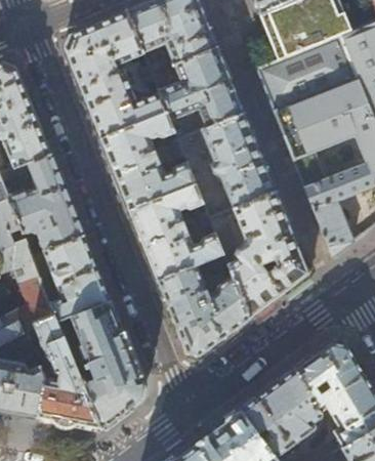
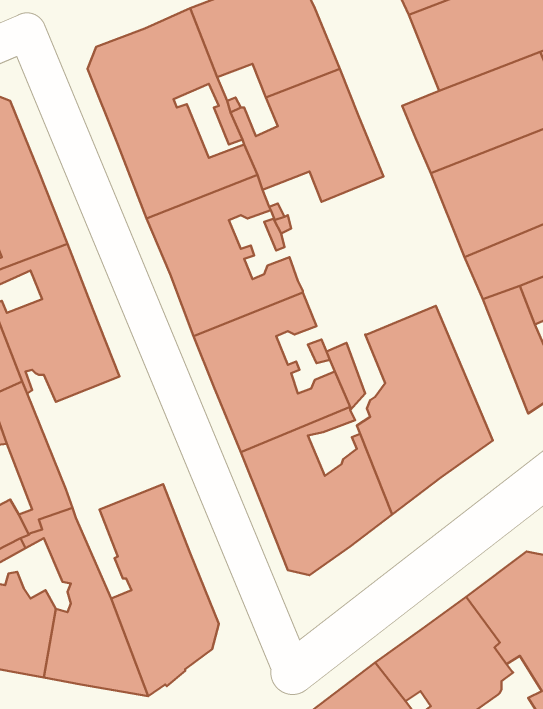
building: [198,113,277,209] -> none
building: [44,235,111,321] -> none

